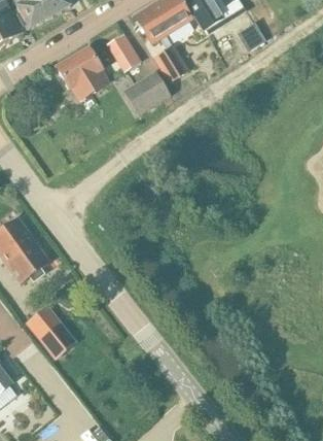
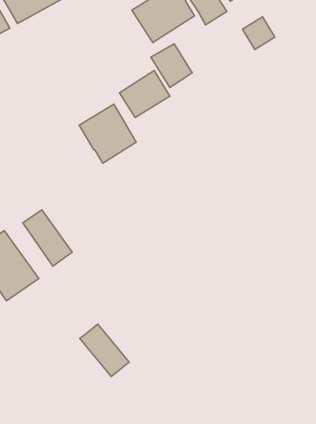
building: [106,32,142,72] -> none
building: [57,45,109,100] -> [79,104,136,163]
building: none -> [23,210,72,266]
building: [29,307,74,355] -> [80,324,129,377]

